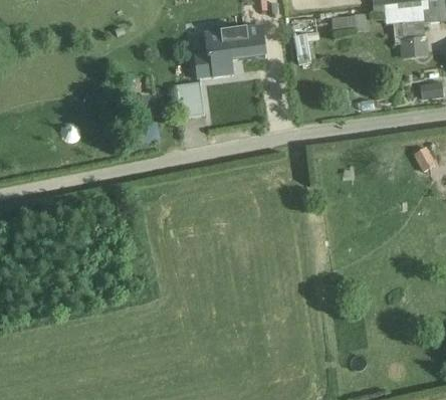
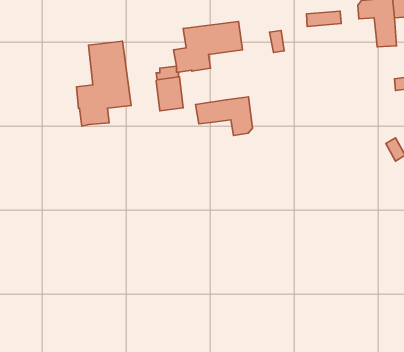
building: none -> [76,41,131,126]
building: none -> [195,97,253,136]

